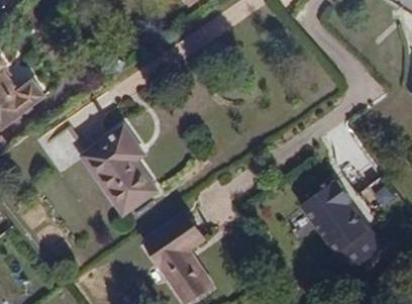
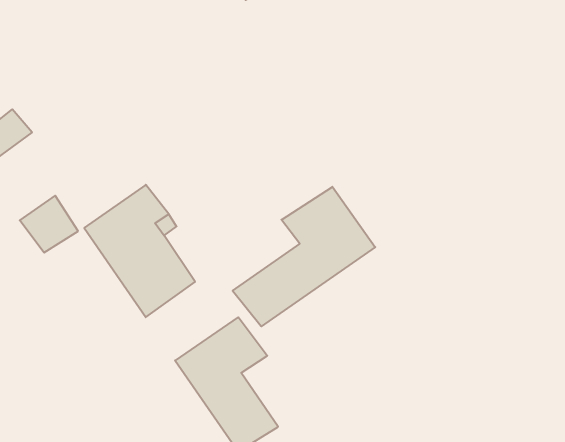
building: none -> [233,187,375,326]
building: [299,177,381,273] -> none

